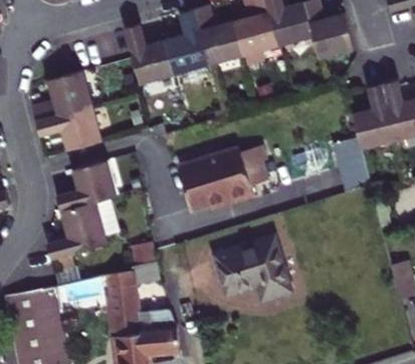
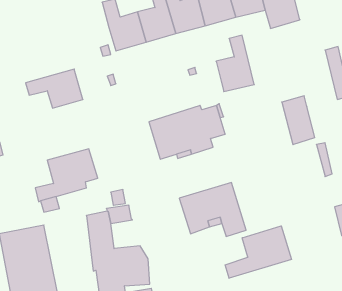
building: [31,72,91,122] -> none
building: [352,84,396,149] -> [216,35,254,92]
building: [56,161,117,212] -> none
building: none -> [225,226,291,278]

